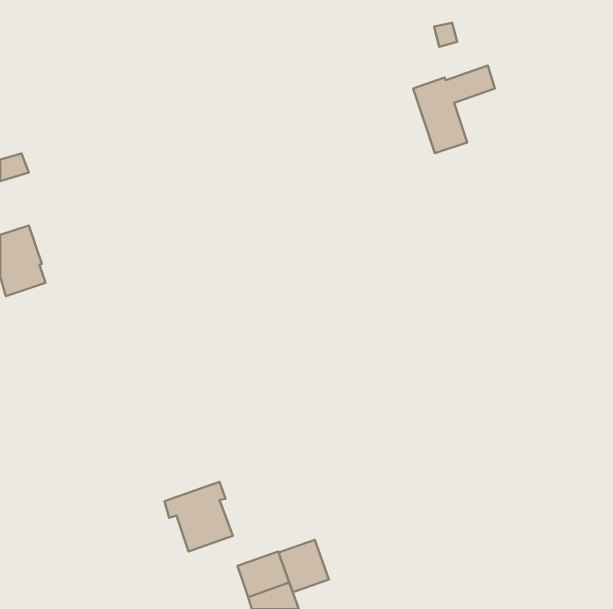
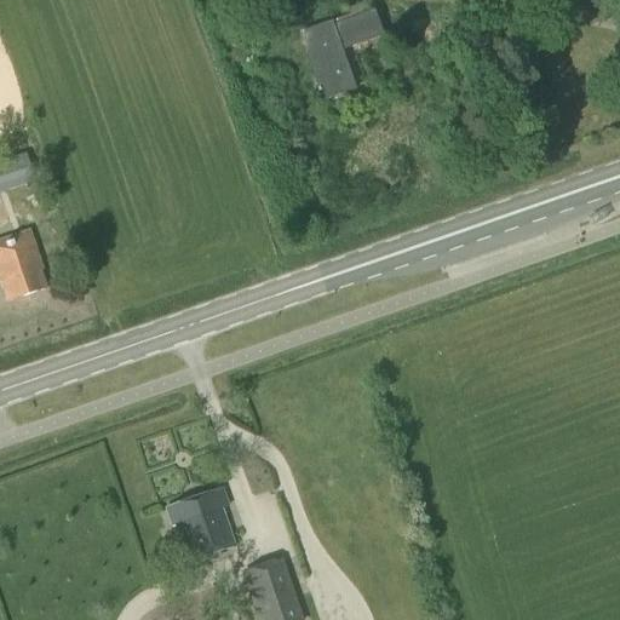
building: [413,66,495,153] -> [302,8,384,97]
building: [279,540,329,592] -> none

